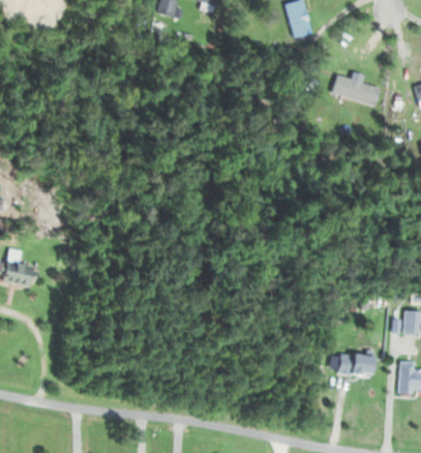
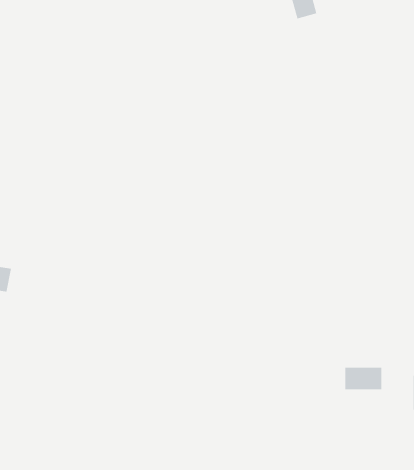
building: [333,71,370,101] -> none

